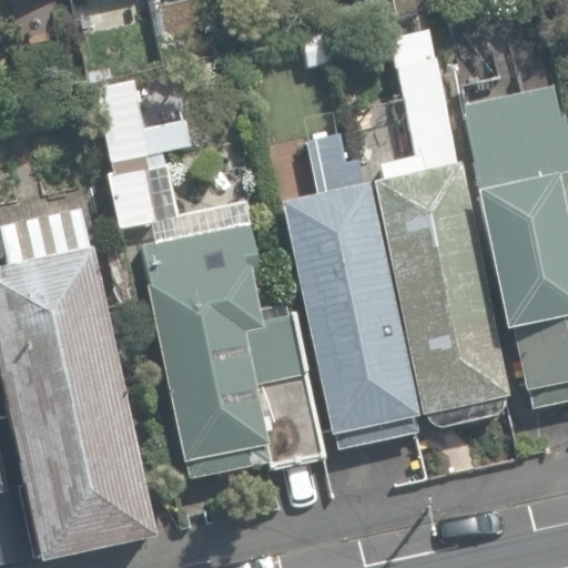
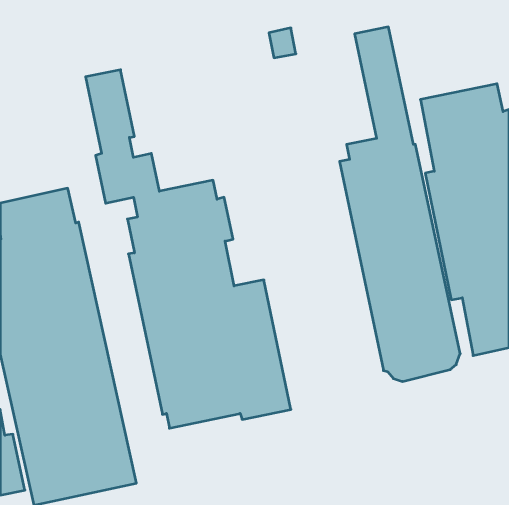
building: [282,133,418,435] -> none

